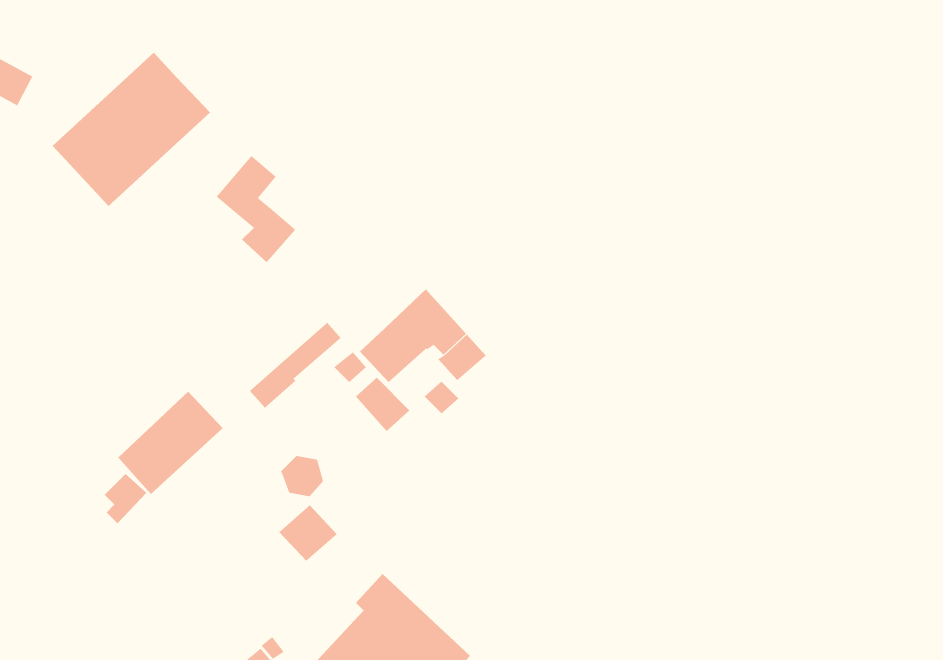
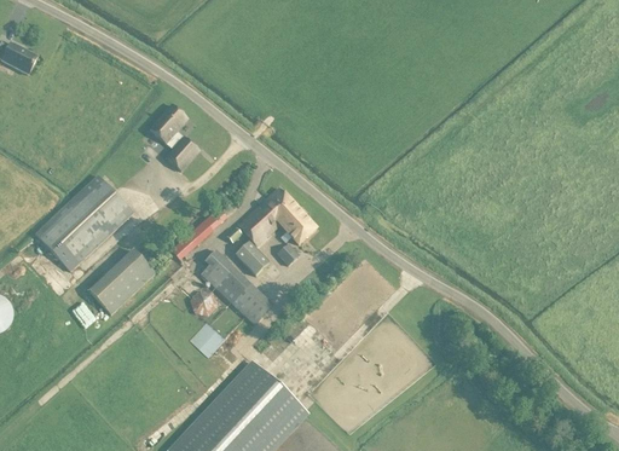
building: [52,52,211,207] -> [35,174,133,270]
building: none -> [201,250,273,324]

